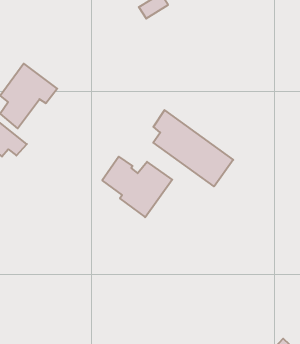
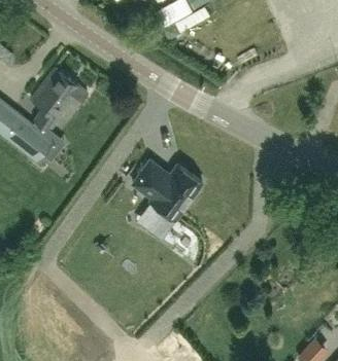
building: [153,110,233,186] -> none

